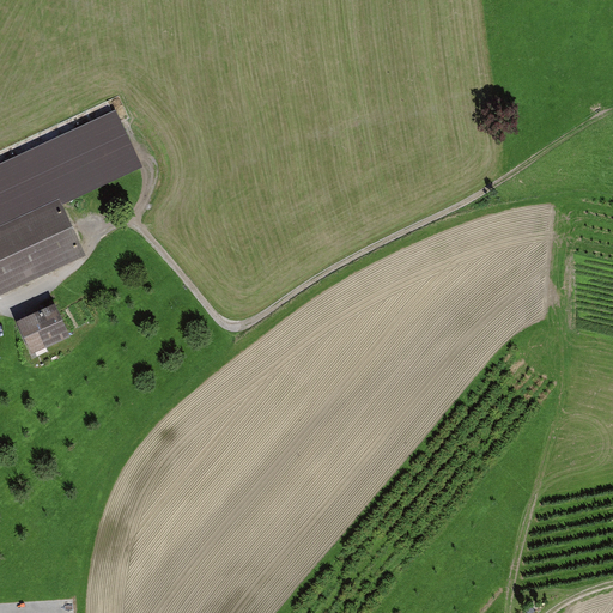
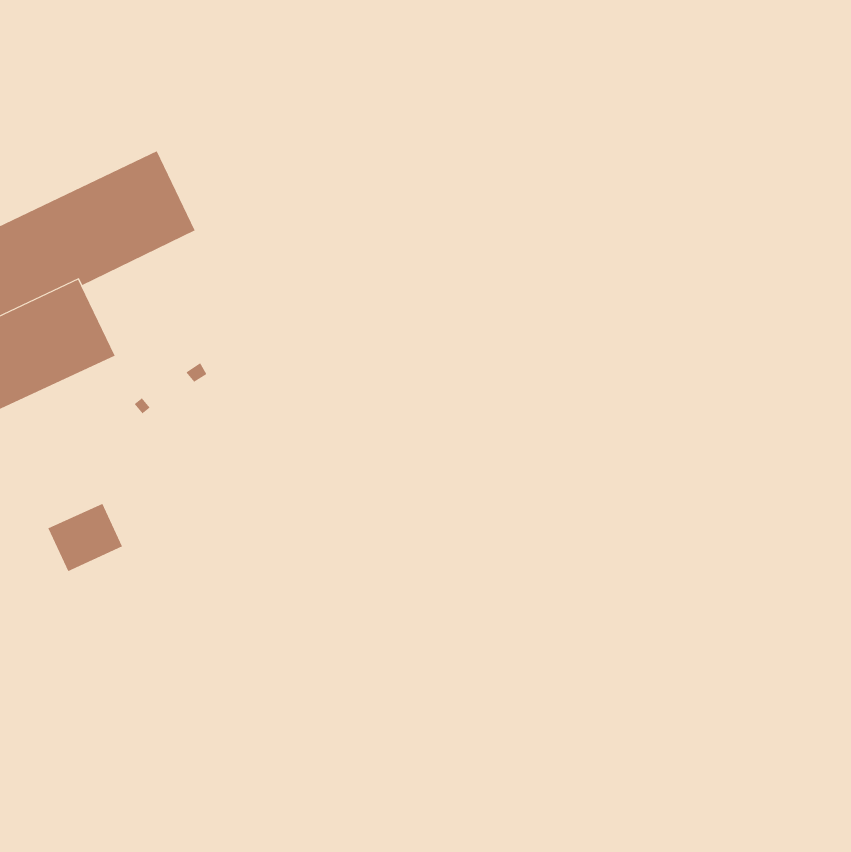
building: [14,303,68,352] -> [48,503,123,572]

